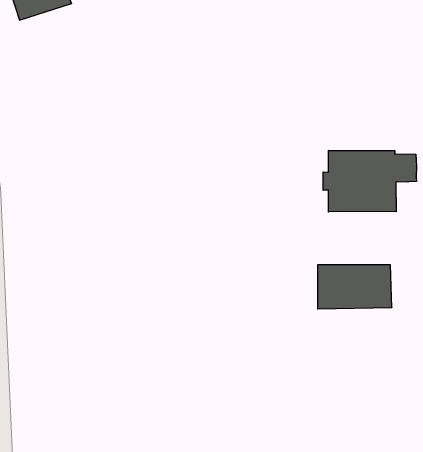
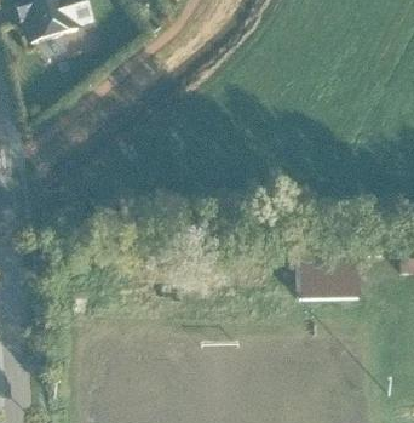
building: [323,150,416,212] -> none

